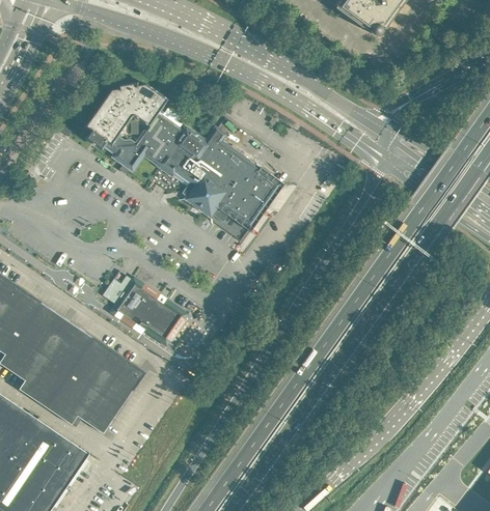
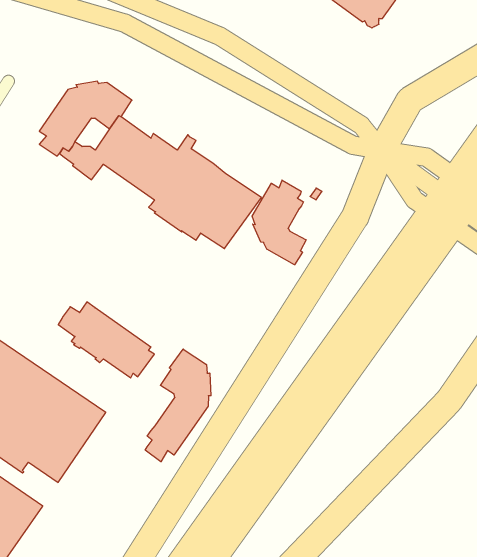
building: none -> [252,180,306,265]
building: none -> [145,349,211,462]

